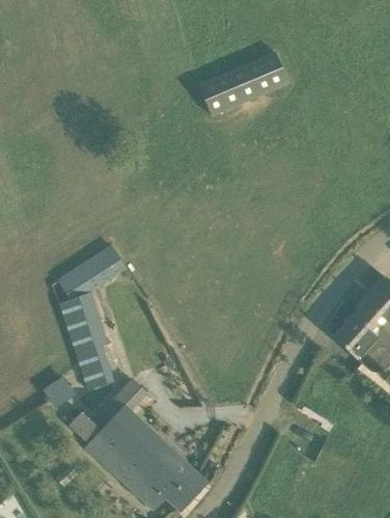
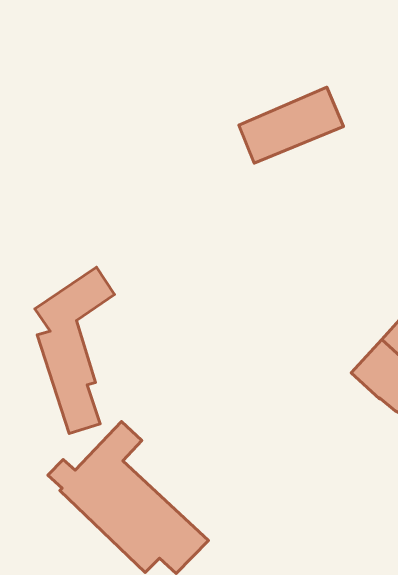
building: [198,50,289,116] -> [239,87,343,163]
building: [46,374,79,407] -> none

